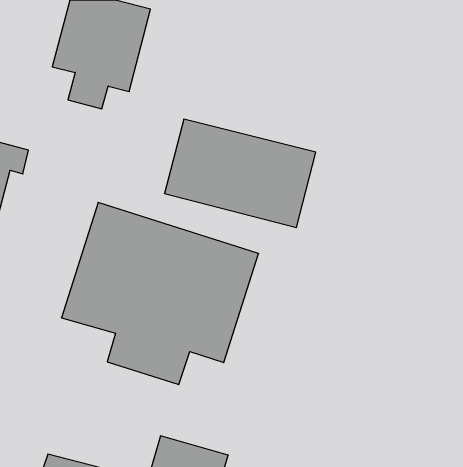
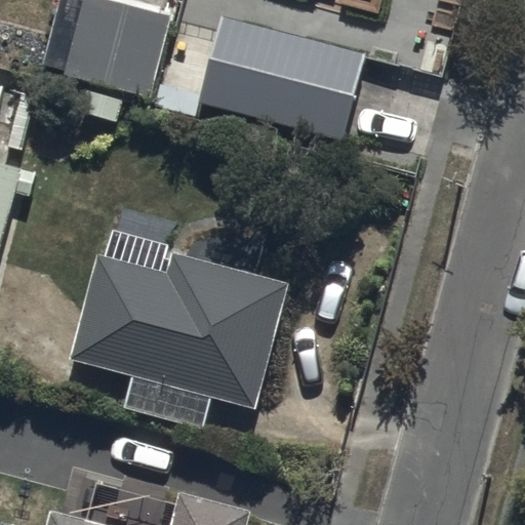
building: [164,119,316,227] -> [195,16,364,137]

